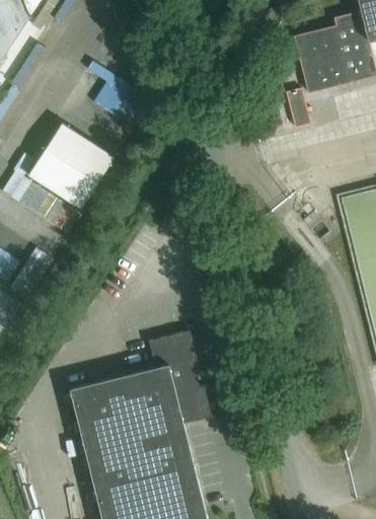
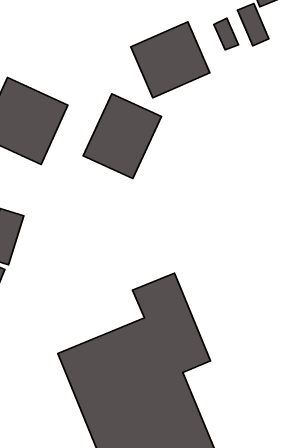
building: none -> [131,22,210,98]
building: none -> [83,94,162,179]

